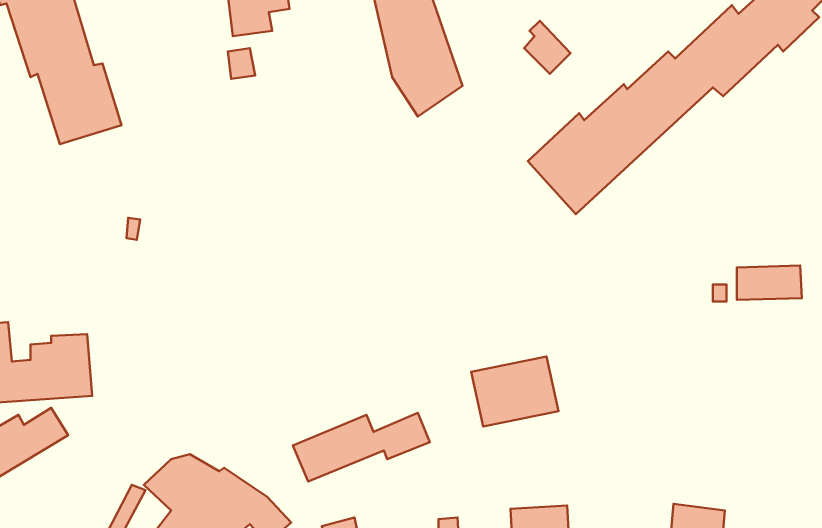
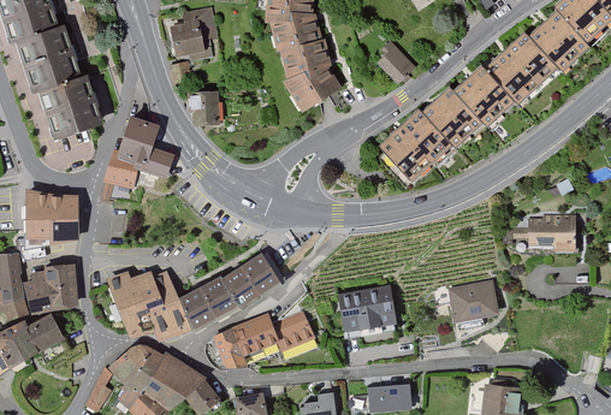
building: none -> [195,90,218,121]
building: none -> [108,113,171,186]
building: none -> [25,185,75,243]
building: none -> [183,255,280,328]
building: none -> [109,272,185,336]
building: none -> [451,281,496,316]

